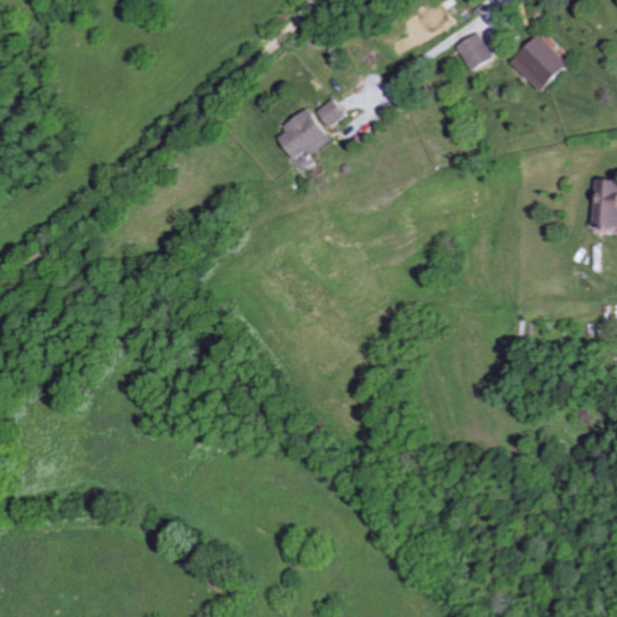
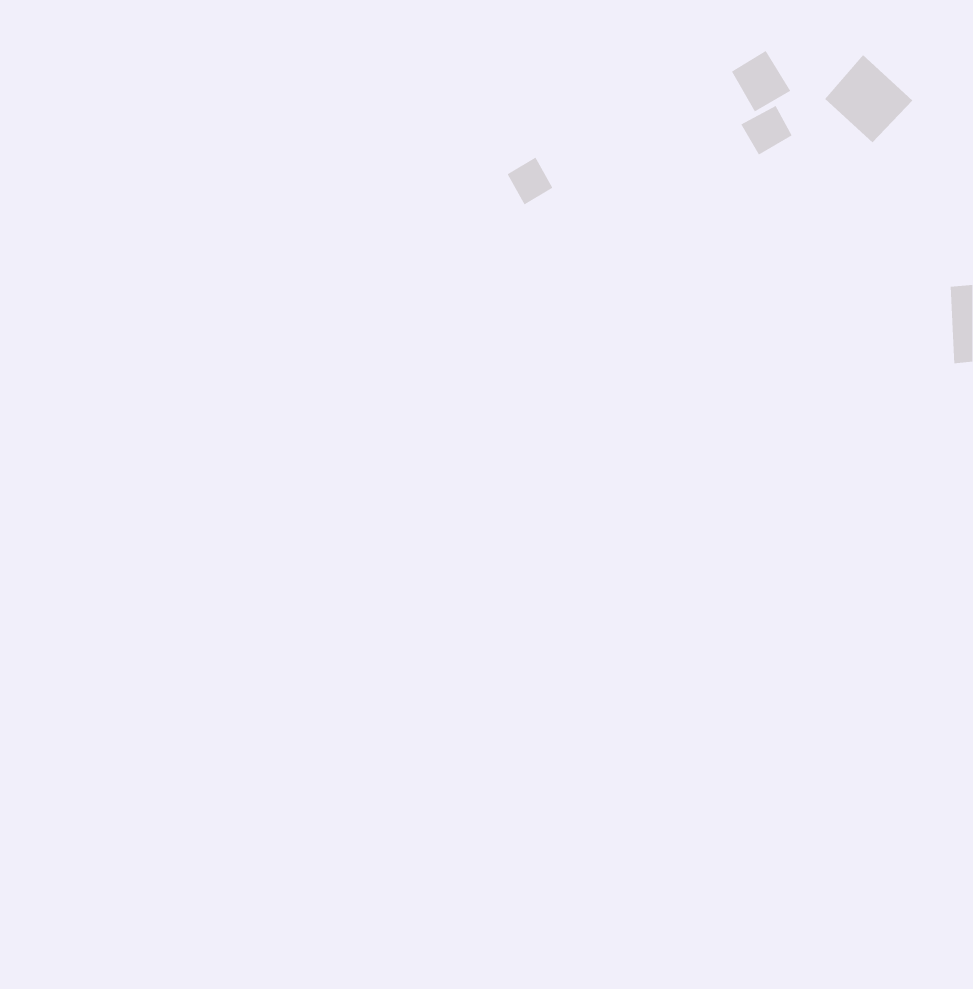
building: none -> [741,105,792,156]
building: [274,108,329,158] -> none

